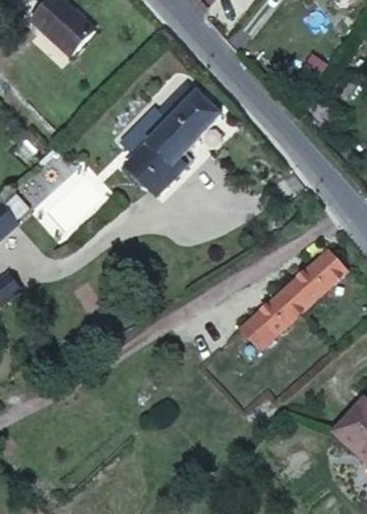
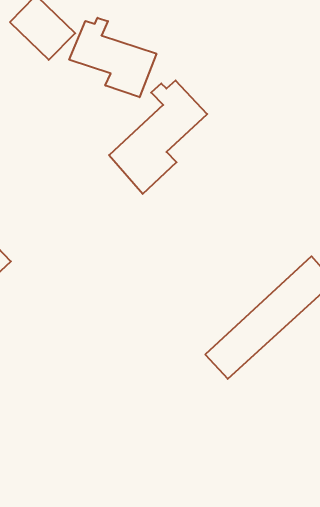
building: none -> [69,18,156,97]

